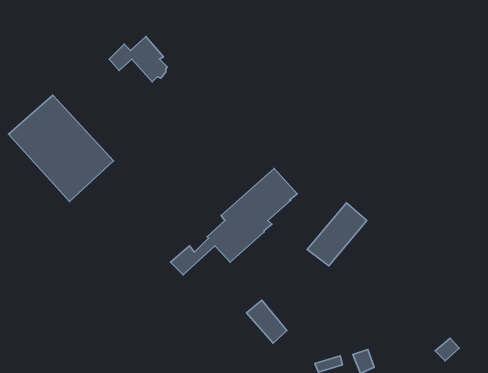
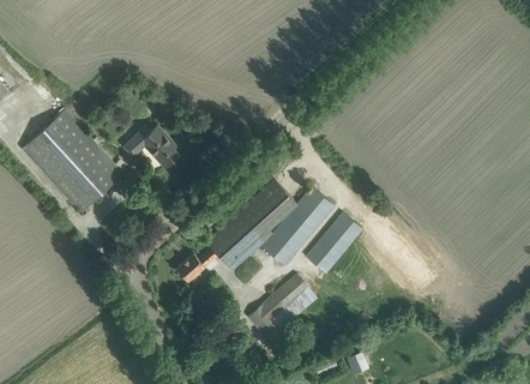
building: [109,36,167,82] -> [124,125,179,168]
building: none -> [263,187,335,265]
building: none -> [272,275,309,310]

